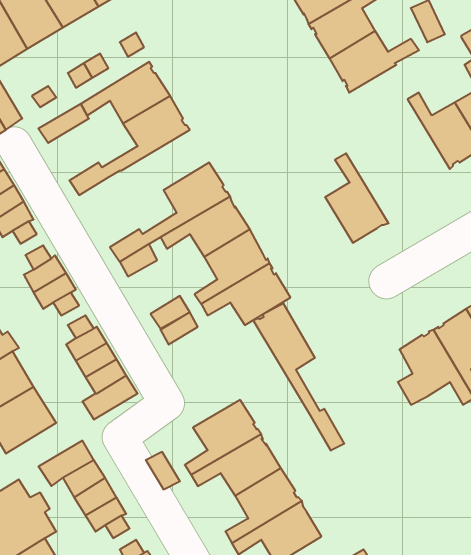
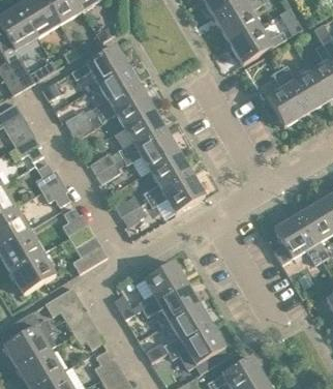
building: none -> [70,89,153,140]
building: [325,153,389,243] -> [266,69,306,126]
building: [253,303,344,451] -> none

